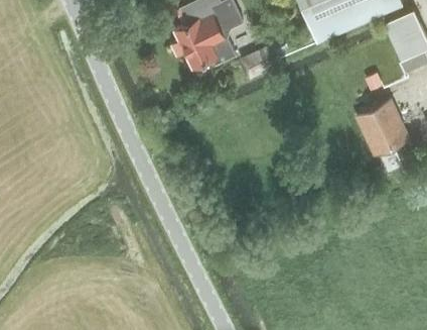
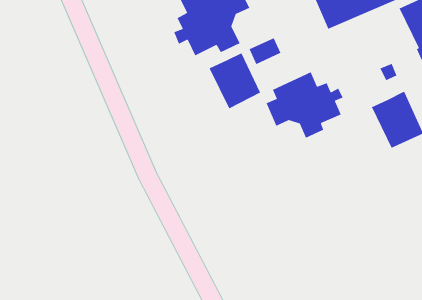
building: none -> [209,52,261,109]
building: none -> [266,71,344,139]

